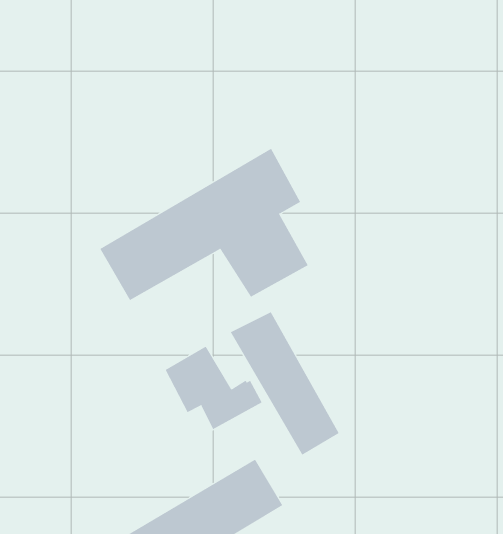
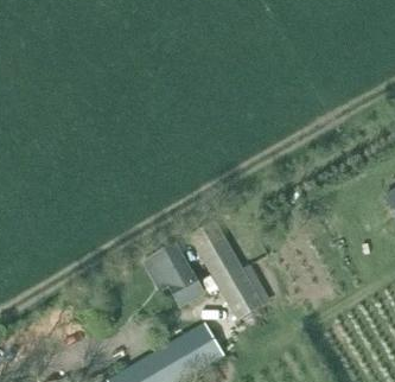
building: [99,148,309,301] -> none

